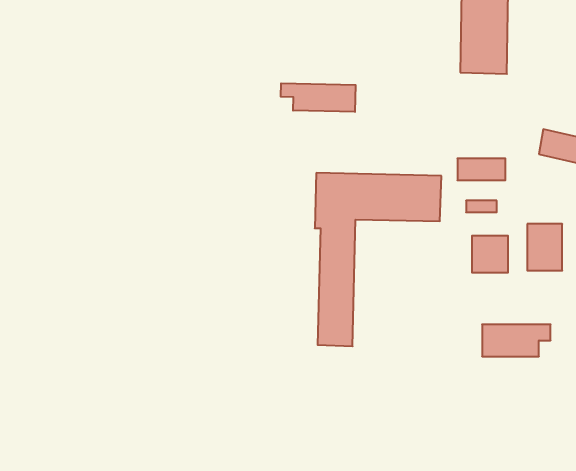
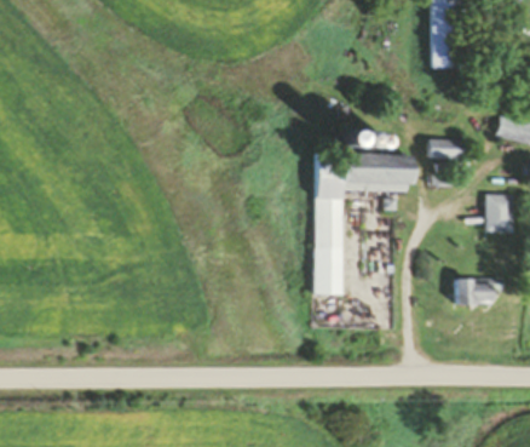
building: [281,83,356,112] -> none
building: [472,236,508,273] -> none

